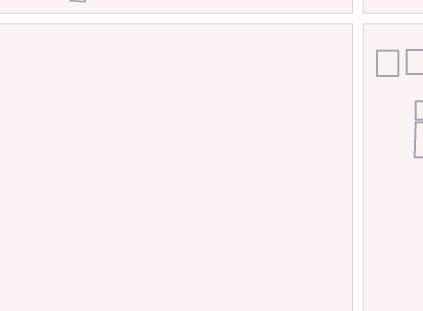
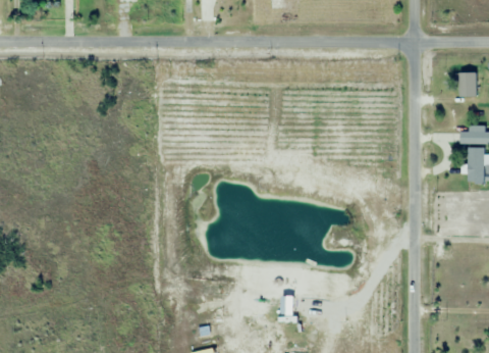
building: [377,50,398,76] -> none

